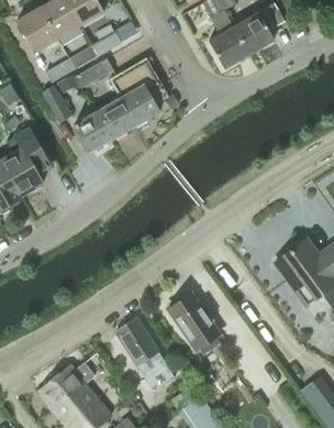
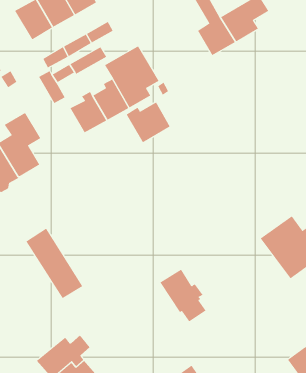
building: none -> [126,102,171,143]
building: [114,317,175,392] -> [26,228,83,299]

